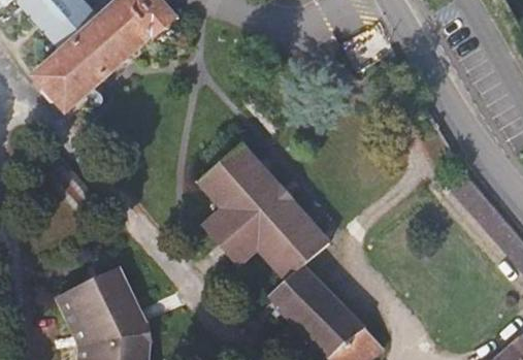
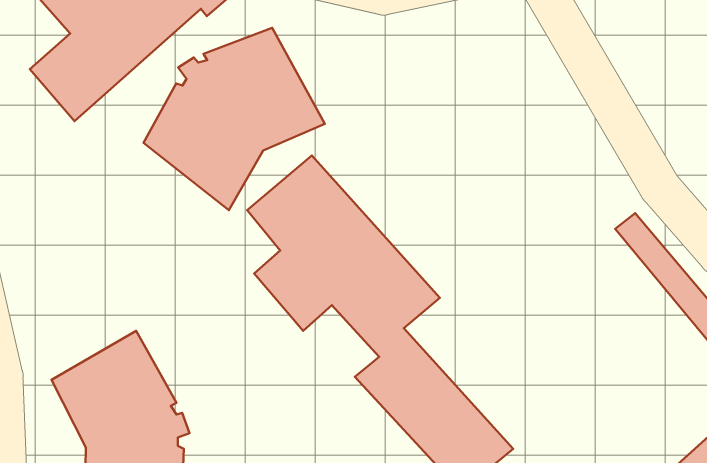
building: none -> [144,28,325,210]

